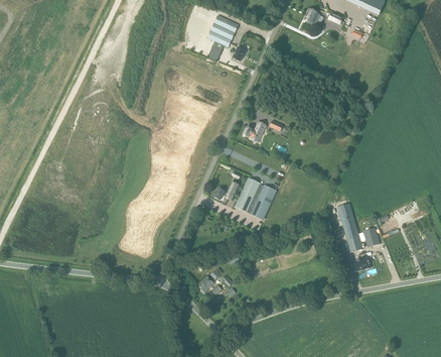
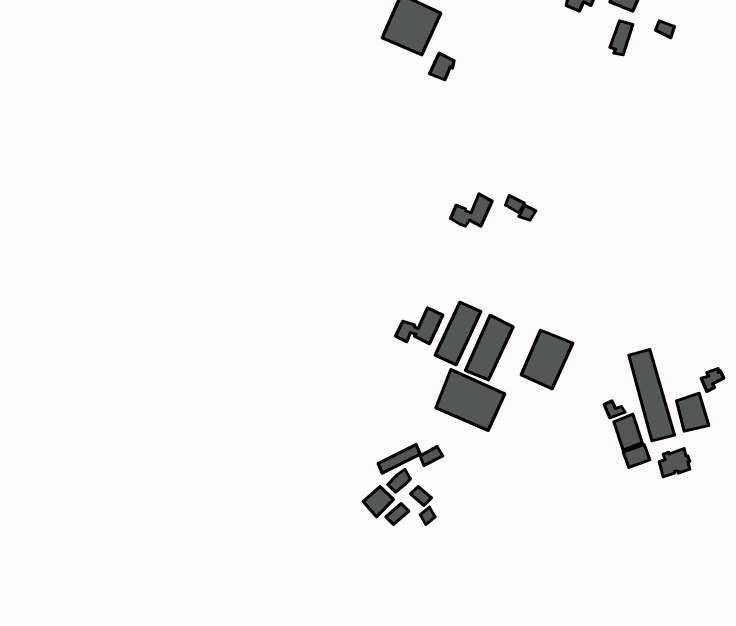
building: none -> [521,330,573,389]
building: none -> [436,370,505,430]

